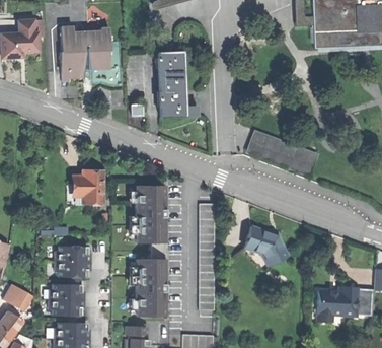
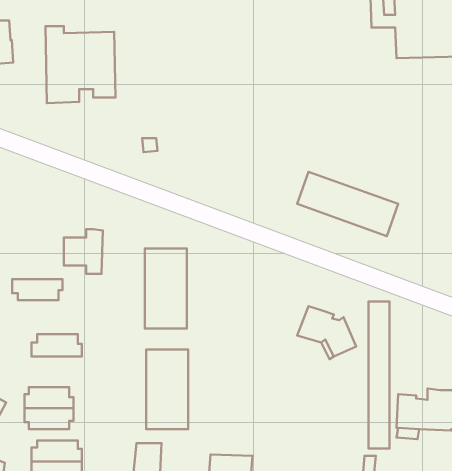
building: [158,52,199,118] -> none
building: [199,204,214,310] -> [369,302,390,449]
building: [53,264,89,279] -> [12,279,63,300]

